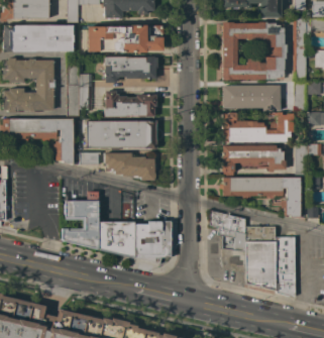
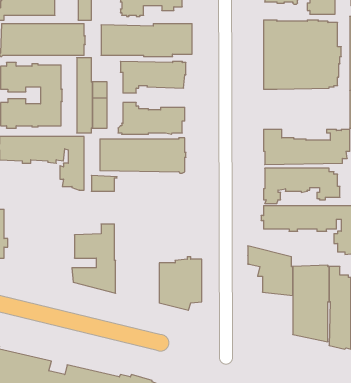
building: [222,86,281,111] -> none
building: [104,152,155,180] -> none
building: [99,219,135,258] -> none

